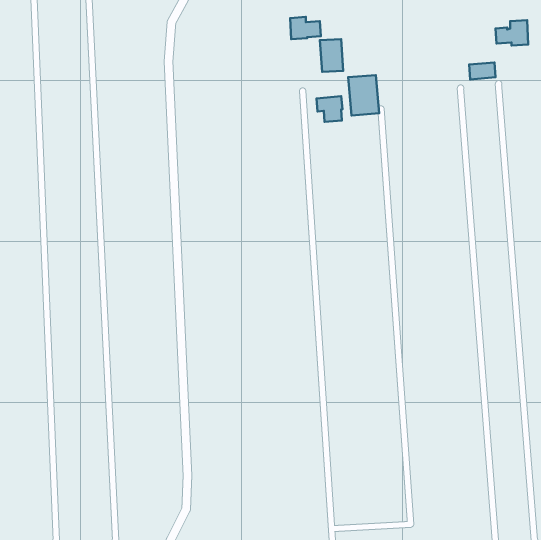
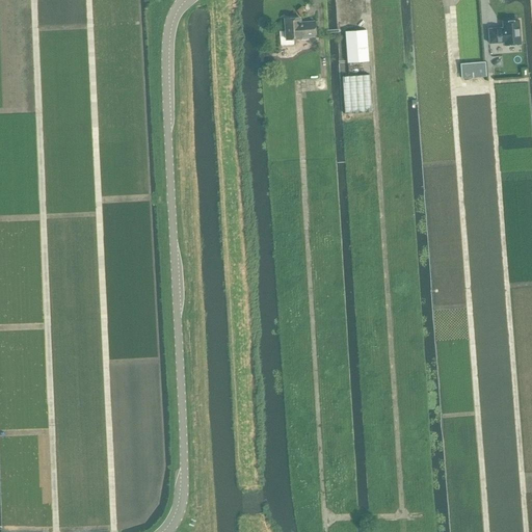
building: [320,39,343,72] -> [345,29,368,61]
building: [316,96,342,122] -> none

